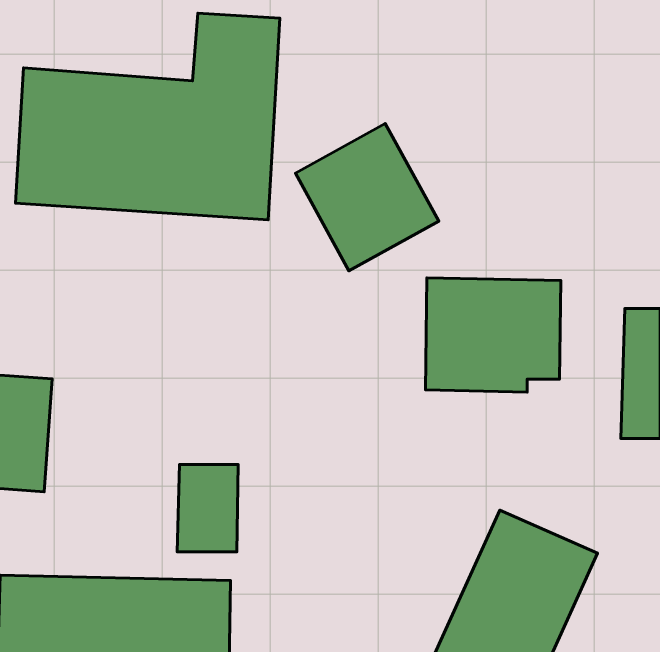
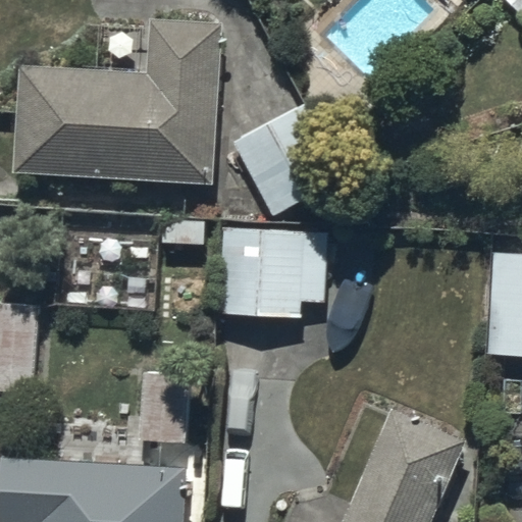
building: [426,278,561,392] -> [220,227,326,317]

